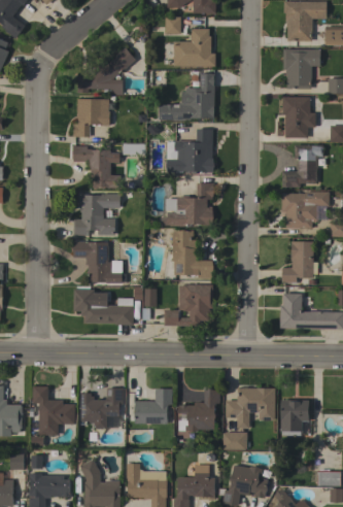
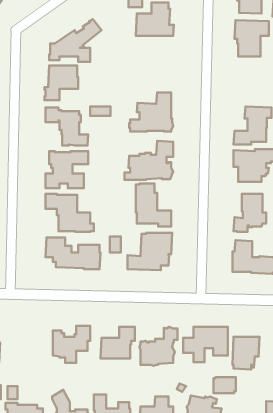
building: [159,73,214,120] -> none
building: [282,97,315,138] -> none
building: [33,386,76,435] -> none
building: [222,432,247,449] -> [214,377,236,393]

